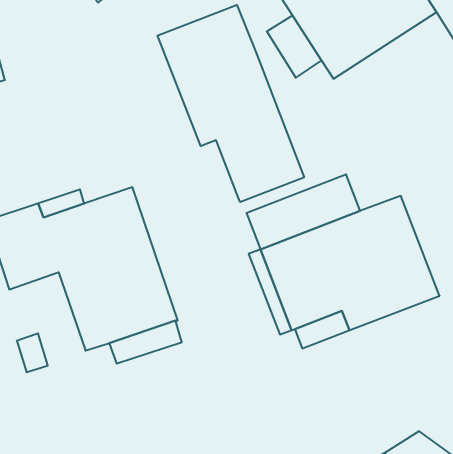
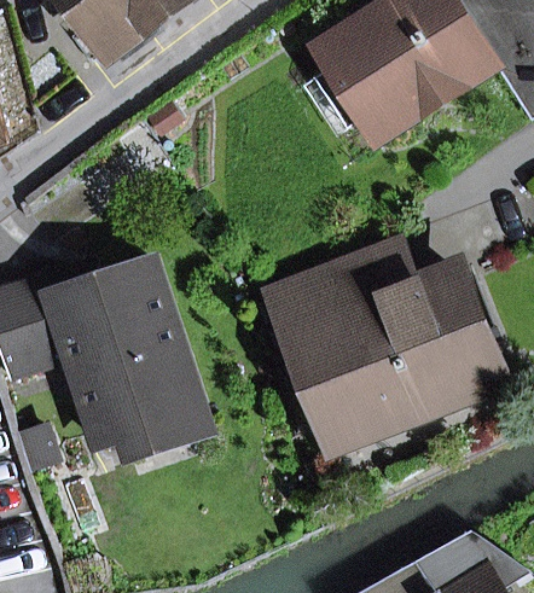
building: [158,5,304,202] -> none

